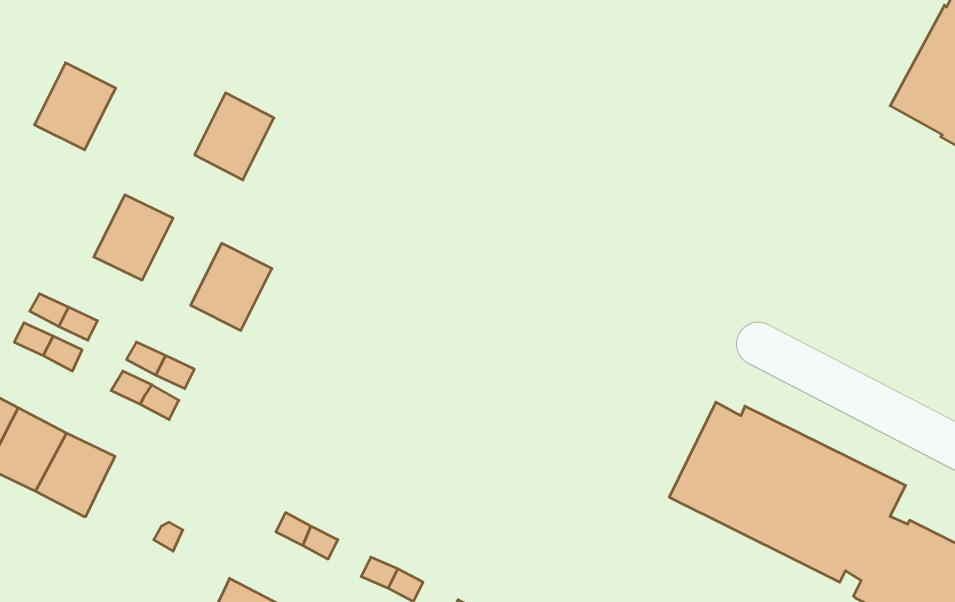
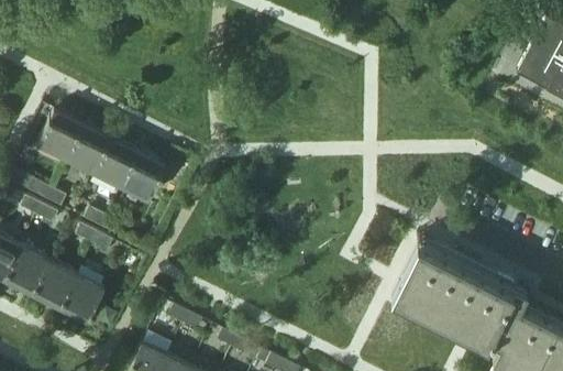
building: [34,63,116,150] -> [36,109,82,159]
building: [195,93,274,180] -> [92,137,137,186]
building: none -> [59,272,104,320]

